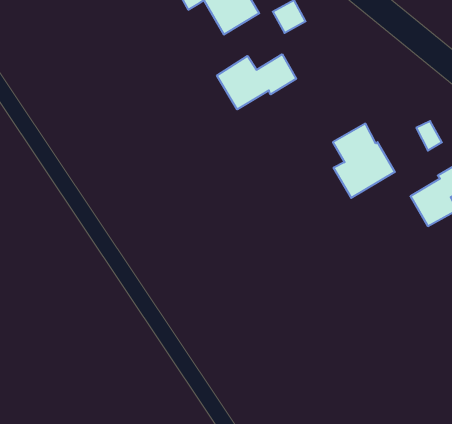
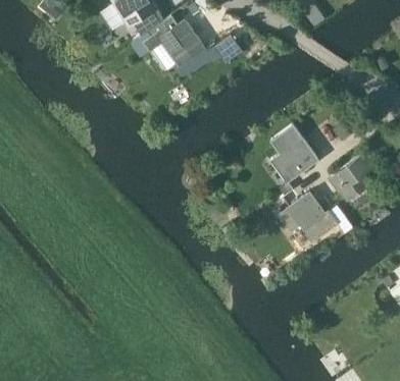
building: [217,54,296,109] -> none
building: none -> [287,194,338,241]

